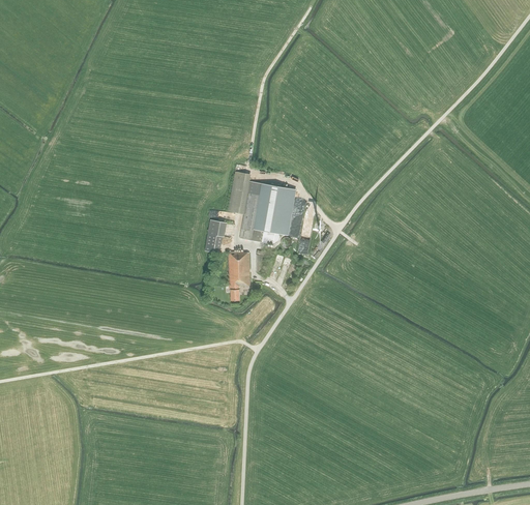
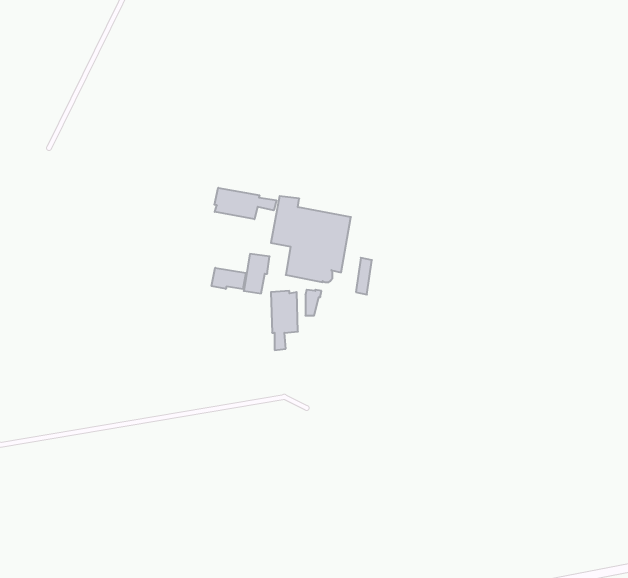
building: none -> [214,188,276,219]
building: none -> [212,268,246,289]

